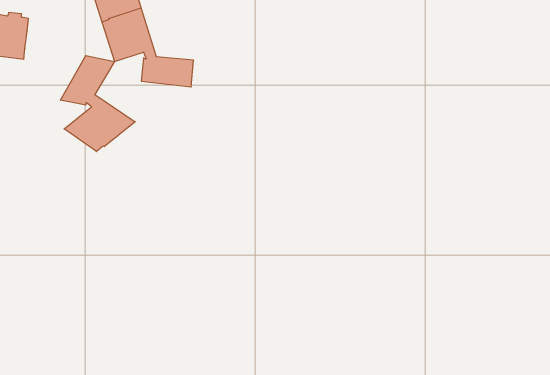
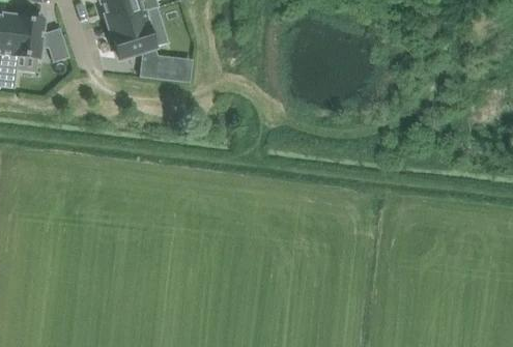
building: none -> [40,27,70,62]
building: [61,56,135,152] -> none

